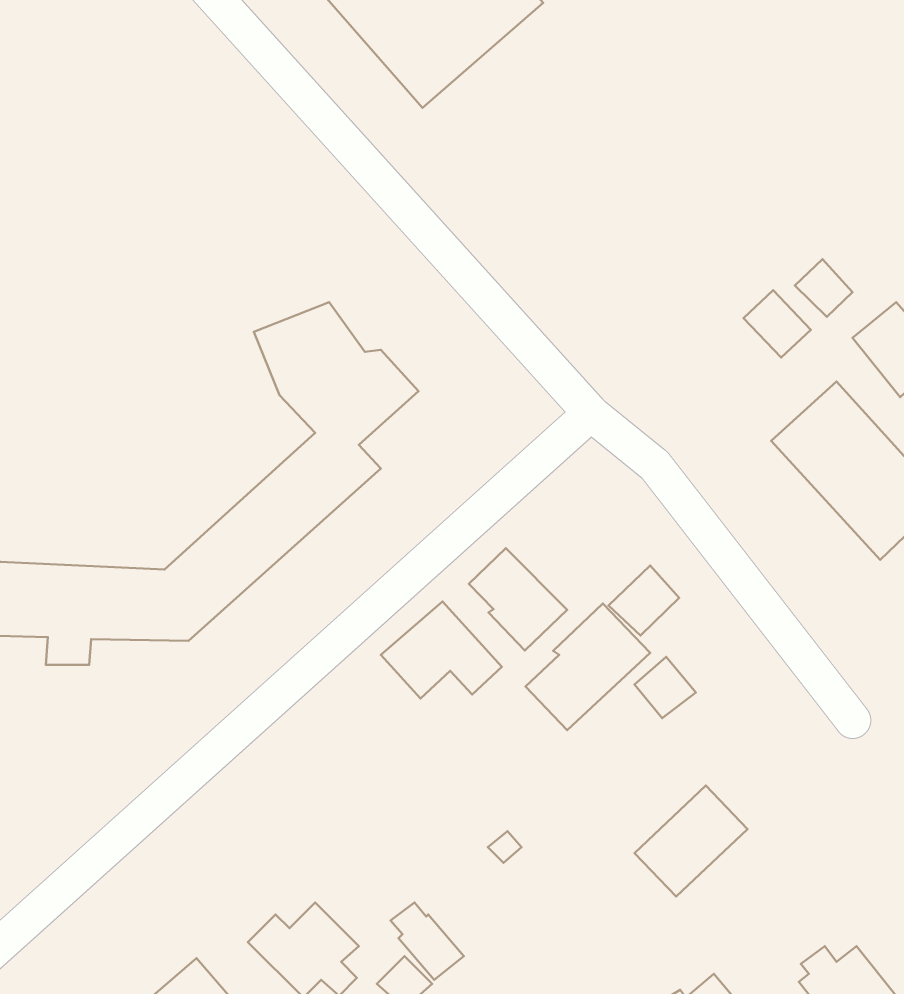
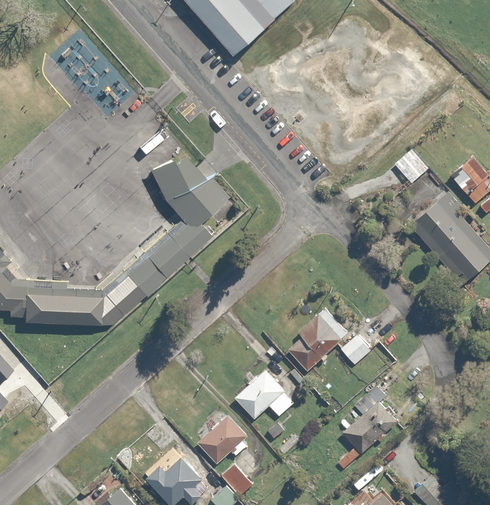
building: [795,259,853,317] -> none
building: [469,548,567,650] -> none
building: [609,566,679,635] -> none
building: [381,601,502,698] -> [233,369,294,418]
building: none -> [195,413,247,463]

